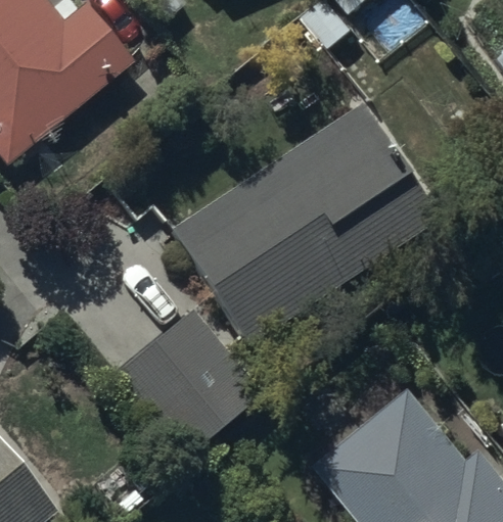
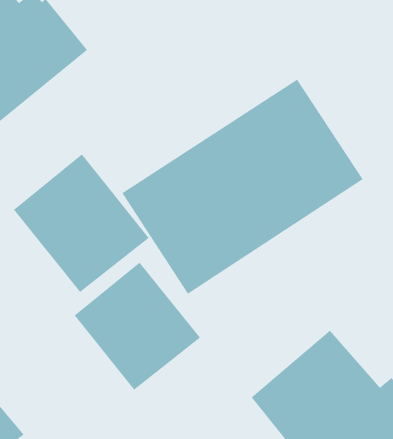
building: none -> [13,154,150,293]

